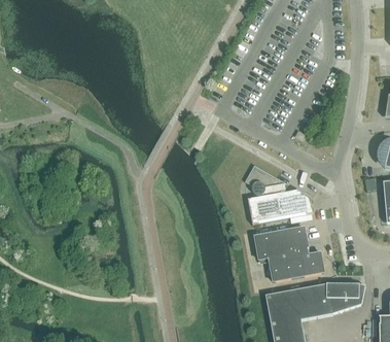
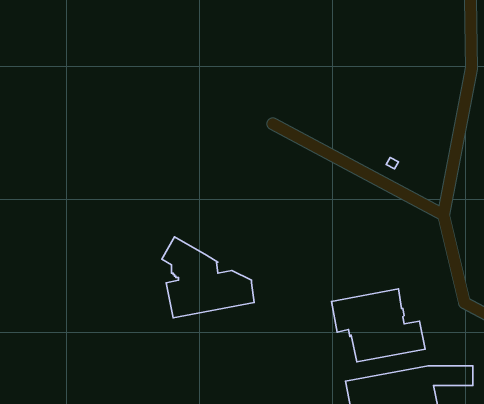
building: [244,164,312,224] -> [162,237,254,318]

